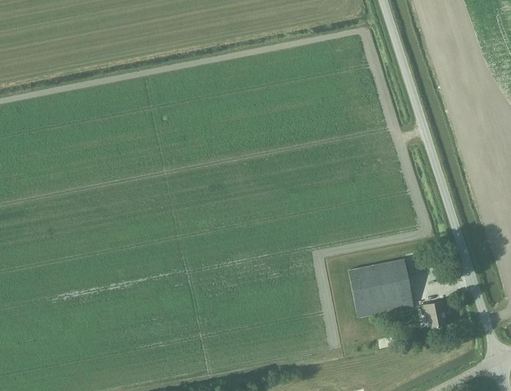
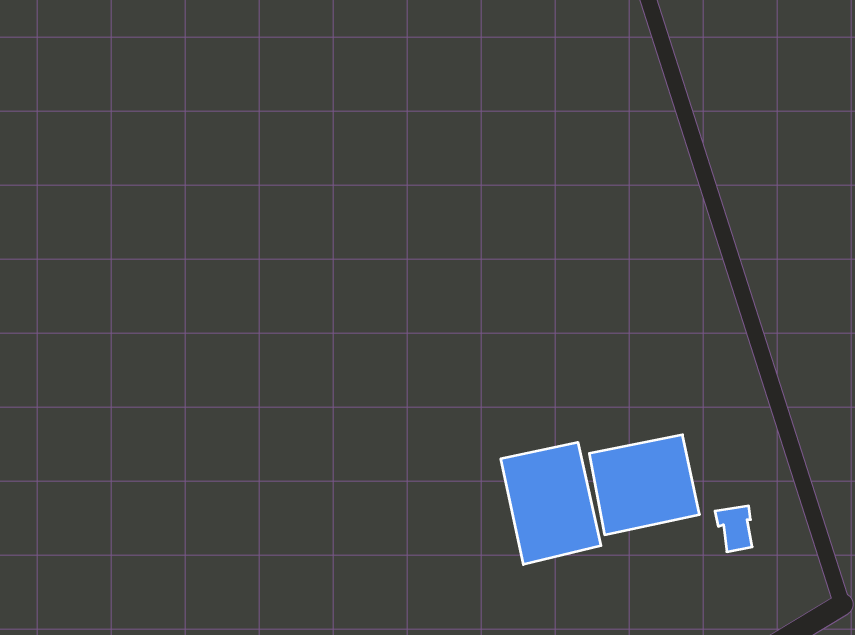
building: none -> [501,442,601,565]

